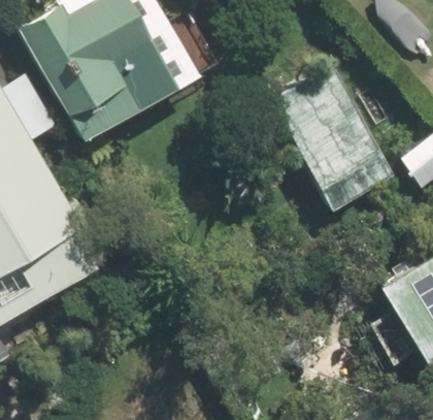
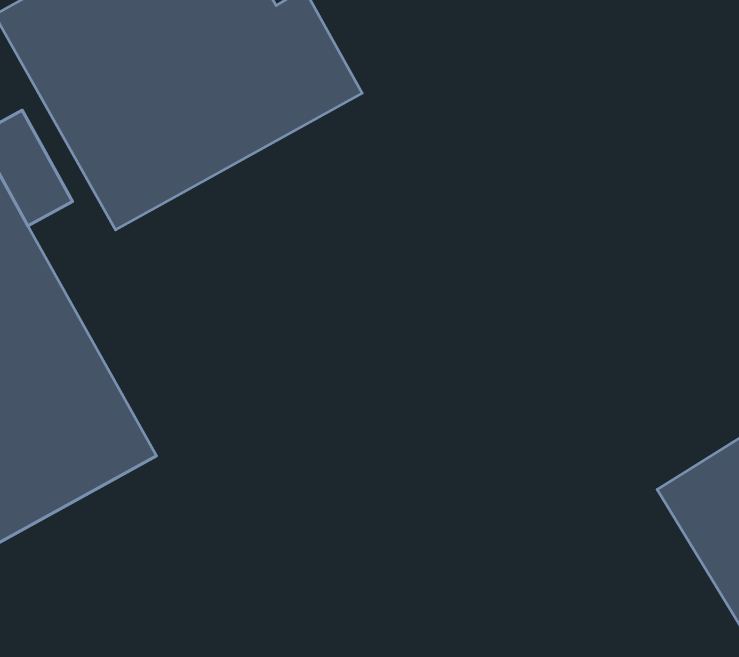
building: [274,72,391,211] -> none

